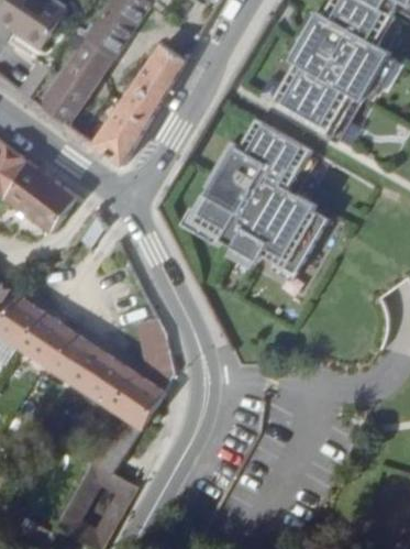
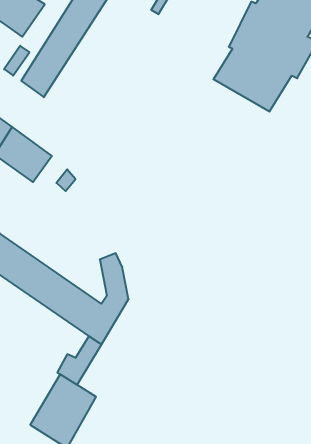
building: [91,42,185,164] -> none
building: [179,117,344,295] -> none

